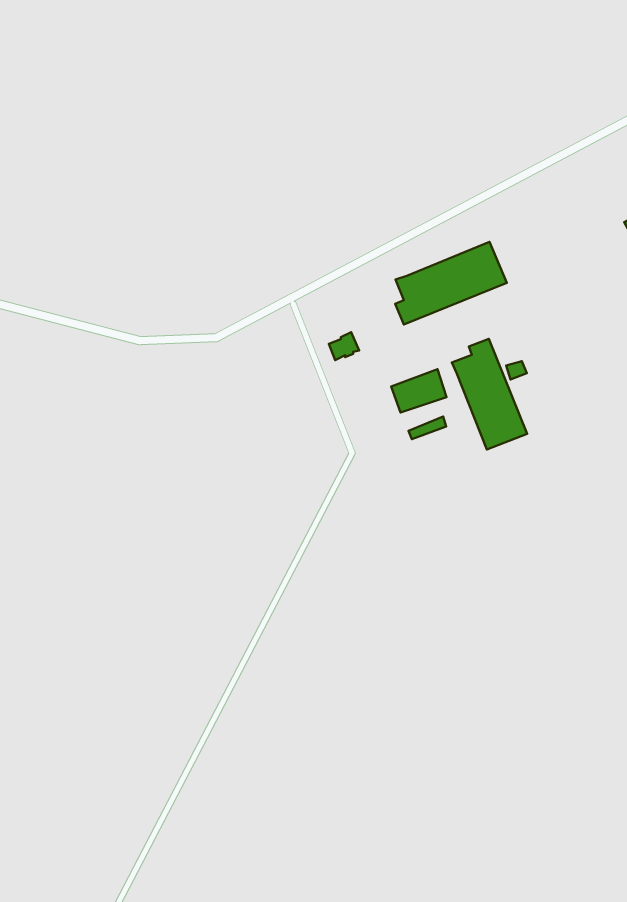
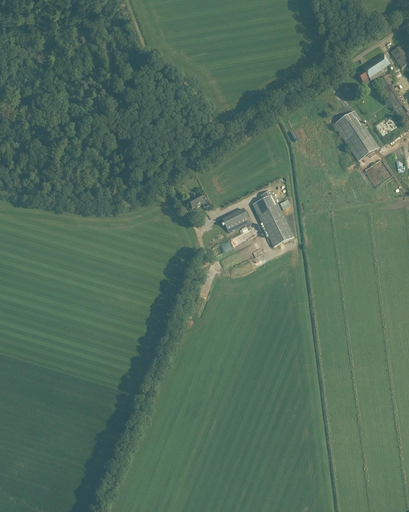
building: [395,242,507,324] -> none

